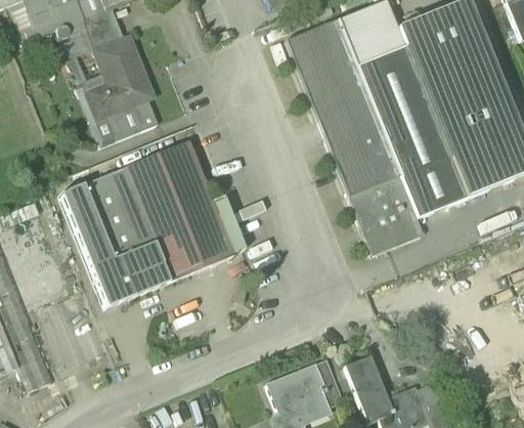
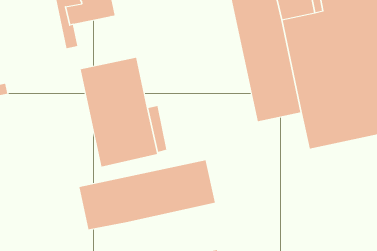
building: [104,96,159,139] -> none
building: [59,167,168,306] -> none
building: [348,173,424,253] -> none
building: none -> [79,159,215,230]

